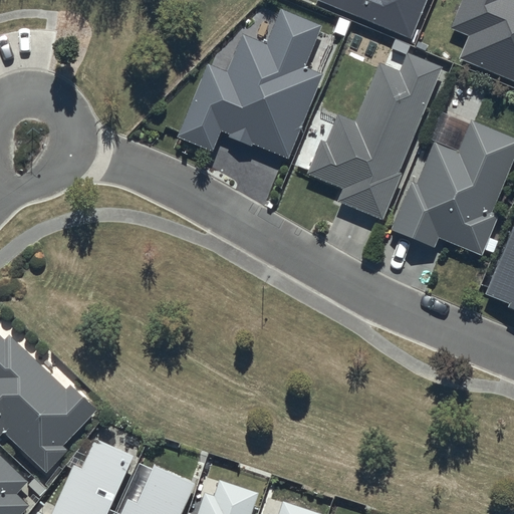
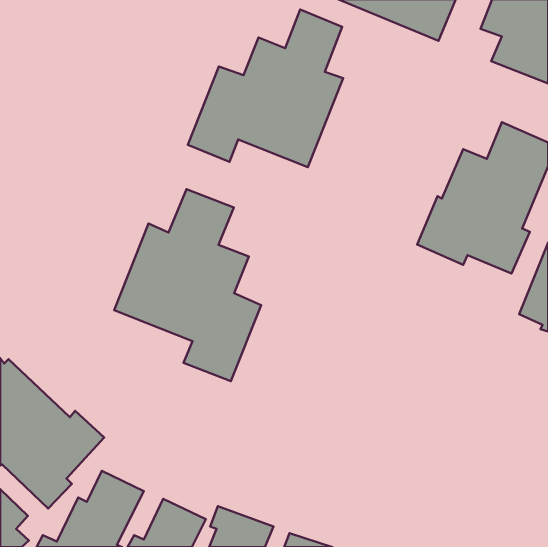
building: [306,66,435,219] -> none
building: none -> [114,189,261,381]

